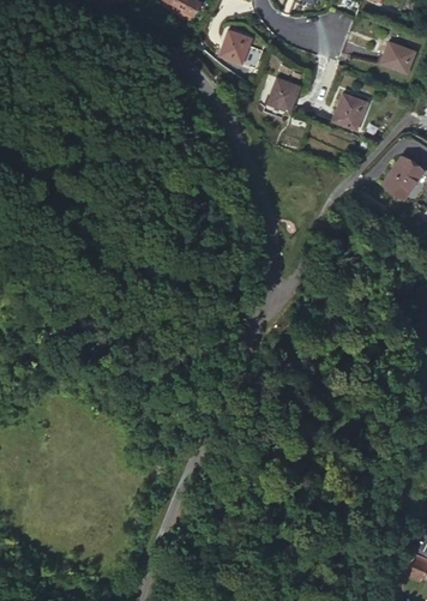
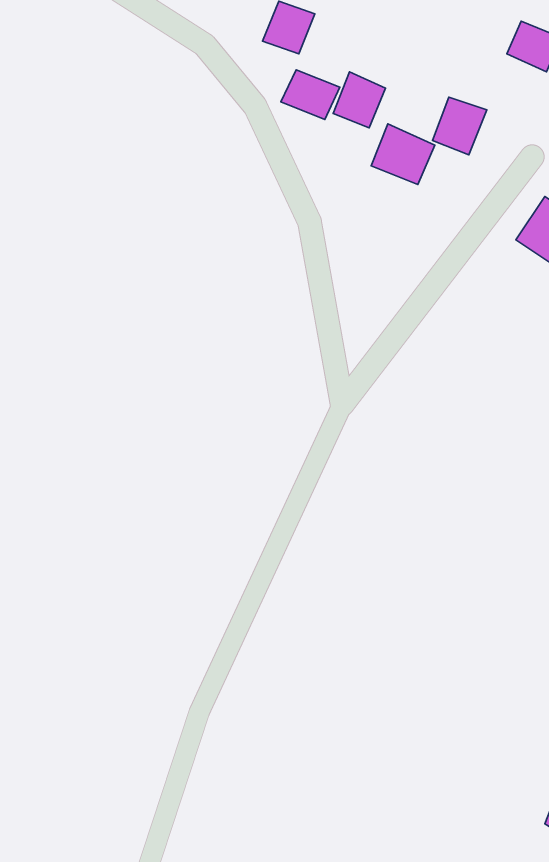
building: none -> [281,70,340,120]
building: none -> [371,124,435,185]

